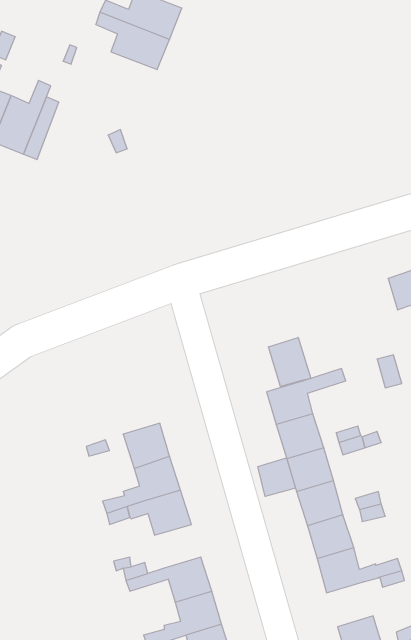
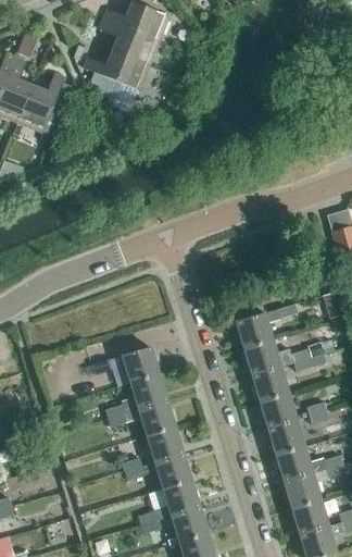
building: none -> [84,50,149,89]
building: [268,337,311,387] -> none
building: [258,458,296,496] -> none
building: none -> [147,426,184,461]
building: none -> [284,472,320,508]

